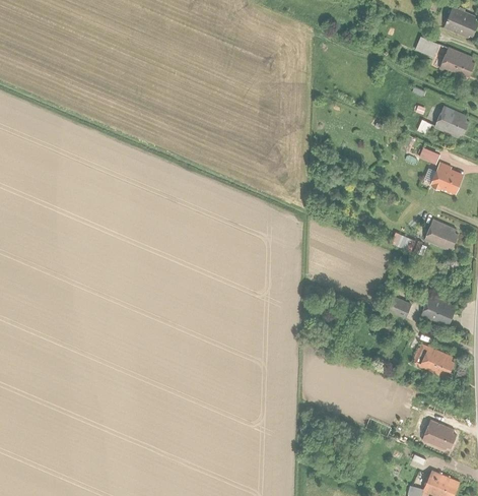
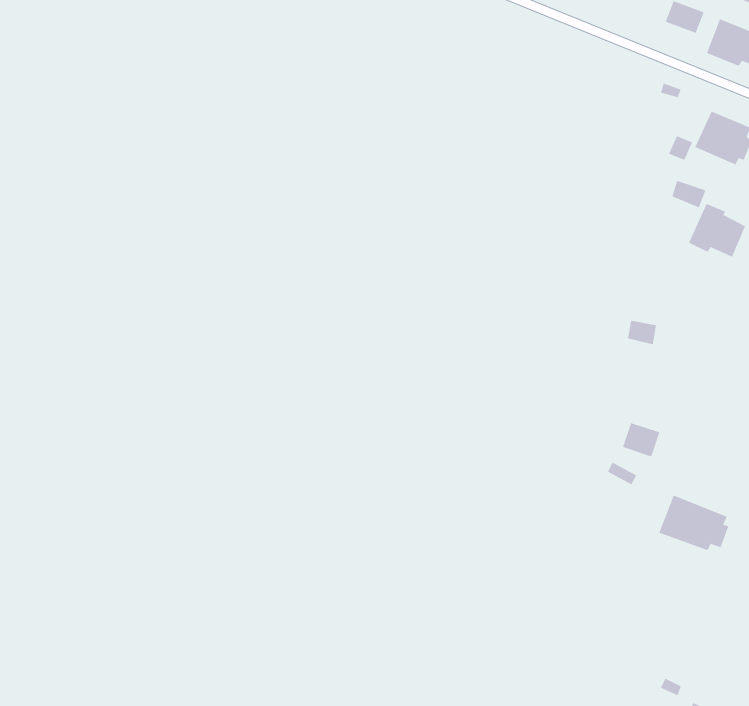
building: [422,219,458,252] -> none
building: [419,295,457,327] -> none
building: [420,419,456,451] -> none

